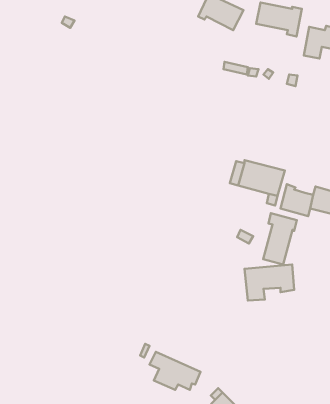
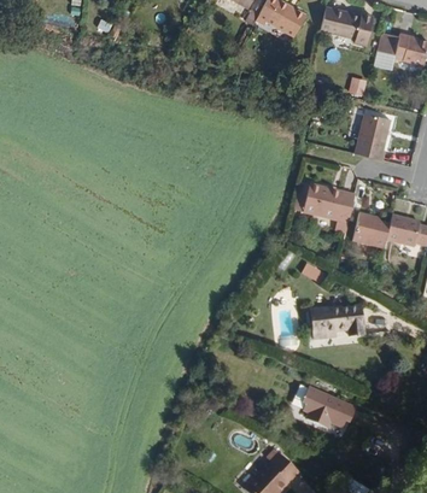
building: none -> [355,111,391,158]
building: [263,213,297,265] -> none
building: [150,352,200,390] -> [299,386,357,429]

